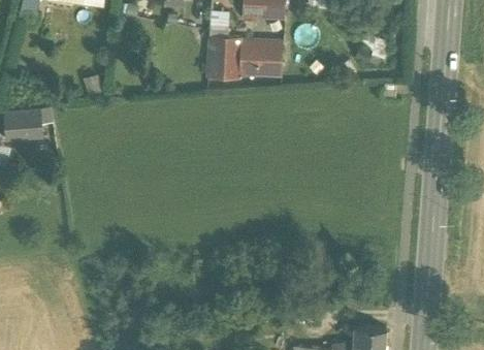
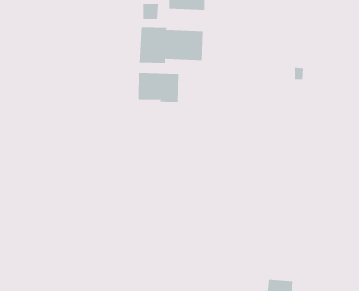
building: none -> [138,72,179,103]

